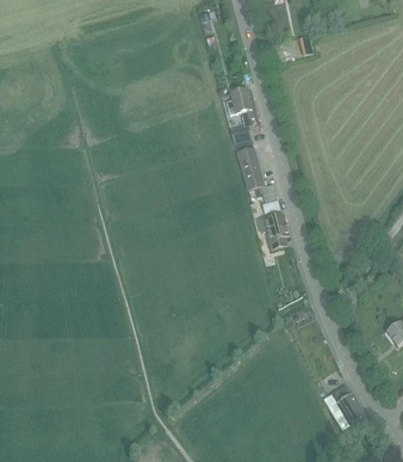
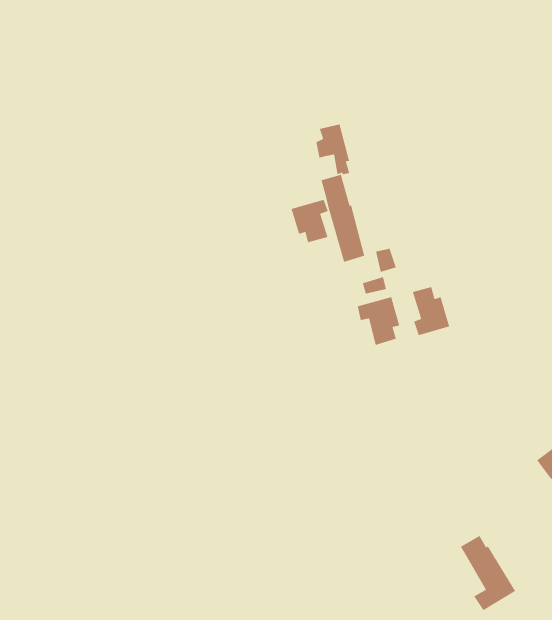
building: none -> [291,199,329,243]
building: none -> [412,286,450,336]

